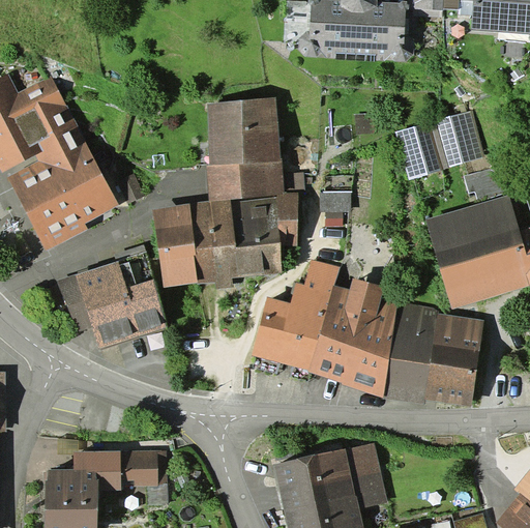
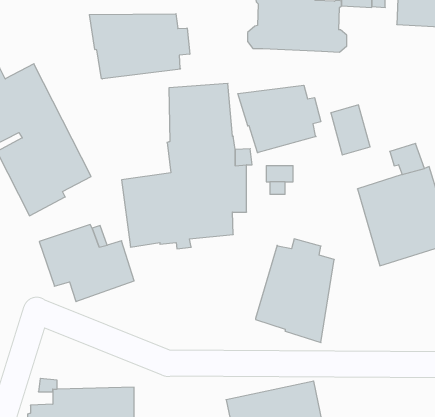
building: none -> [89,14,190,79]
building: none -> [238,85,321,153]
building: [436,110,484,167] -> none
building: [252,259,338,370] -> none
building: [383,301,483,406] -> none

